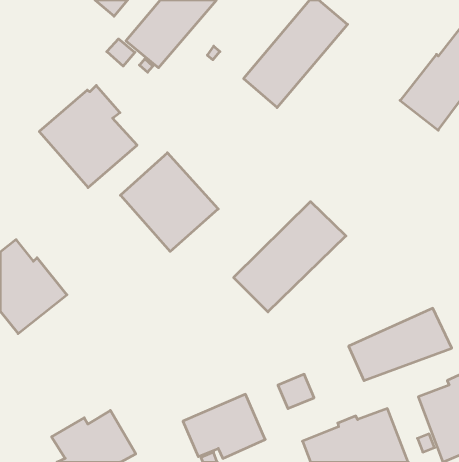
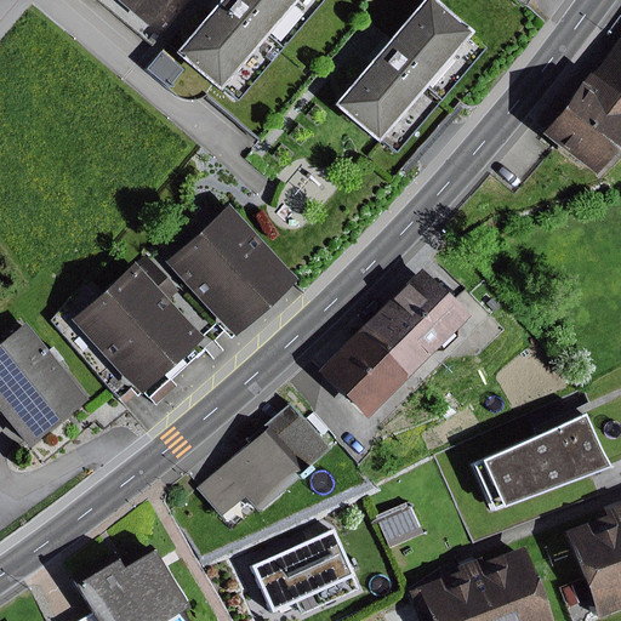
building: [39,85,137,188] -> [72,257,203,394]
building: none -> [199,403,332,517]

